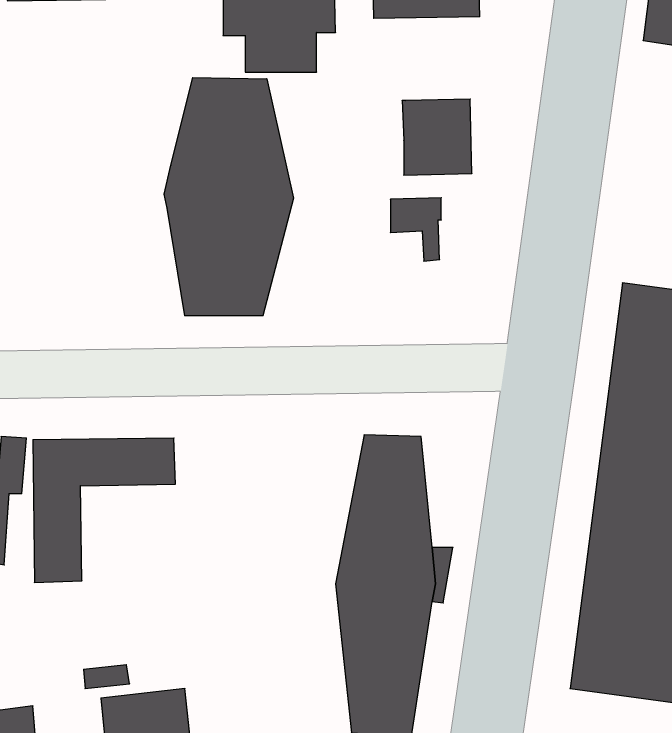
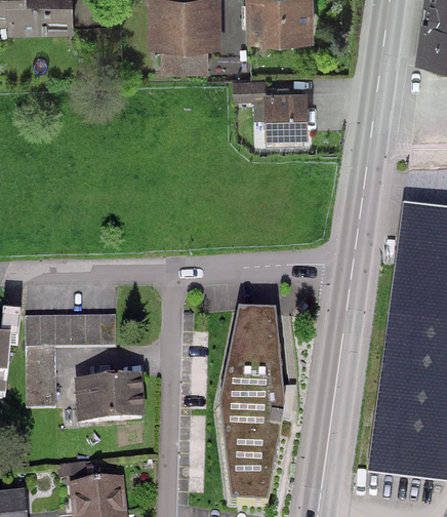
building: [164,78,294,316] -> none
building: [390,198,441,261] -> [232,80,265,121]
building: none -> [73,371,145,422]

